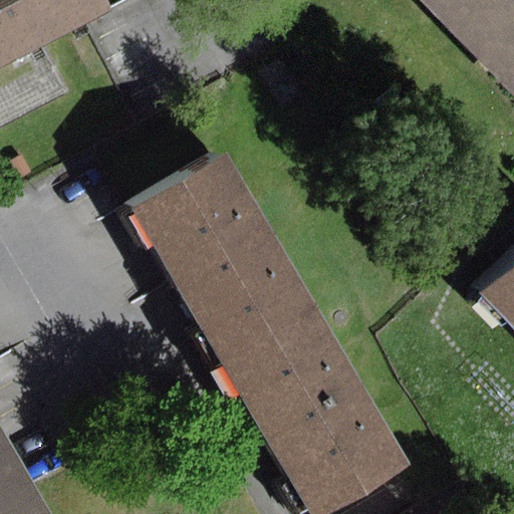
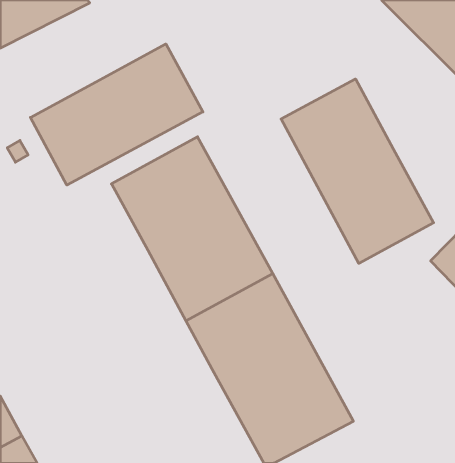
building: none -> [30,44,203,185]
building: none -> [281,79,434,263]

